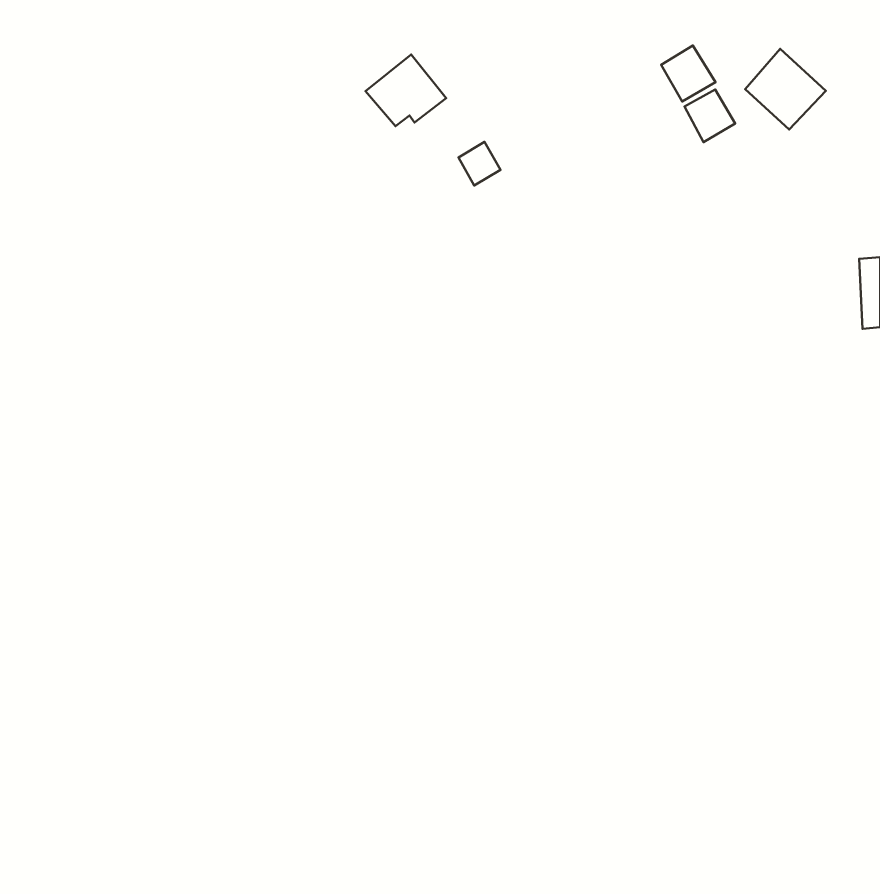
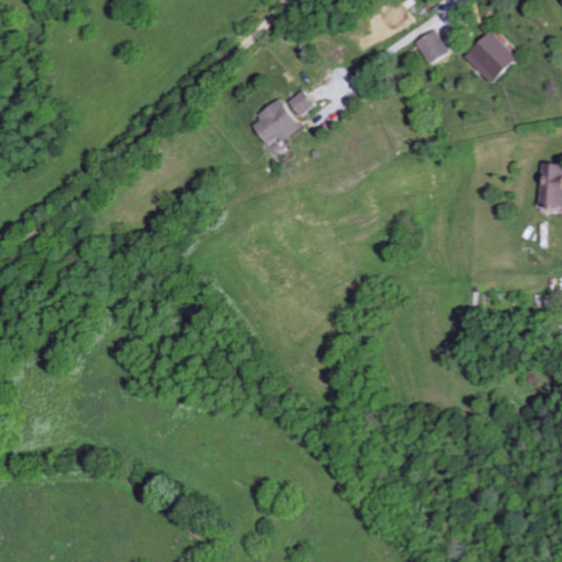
building: [366,54,446,126] -> [249,99,300,144]
building: [684,90,735,142] -> none

